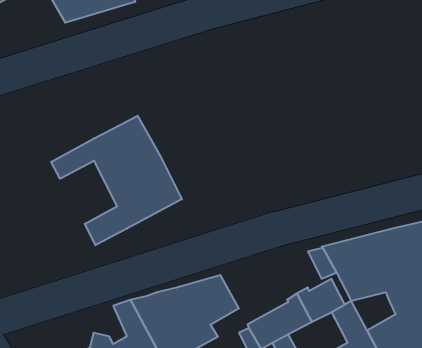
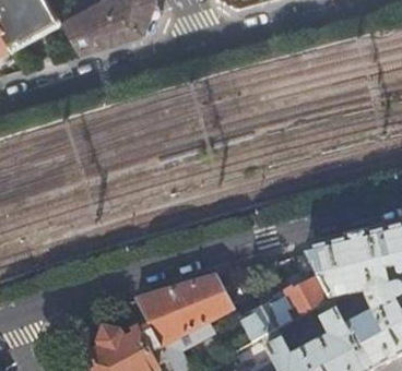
building: [51,116,182,245] -> none

